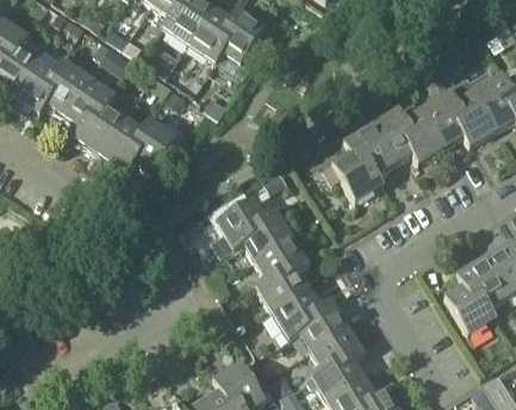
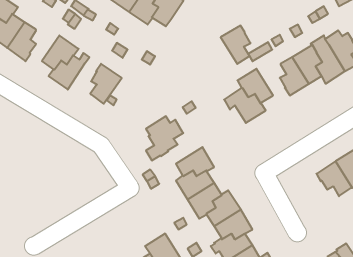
building: [45,58,88,113] -> none
building: [371,107,414,162] -> [221,26,251,64]
building: [100,116,142,172] -> none
building: [243,209,293,260] -> none
building: [444,284,497,335] -> none

